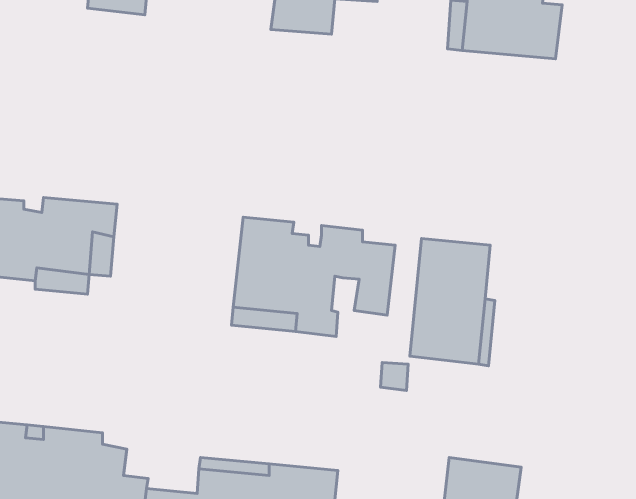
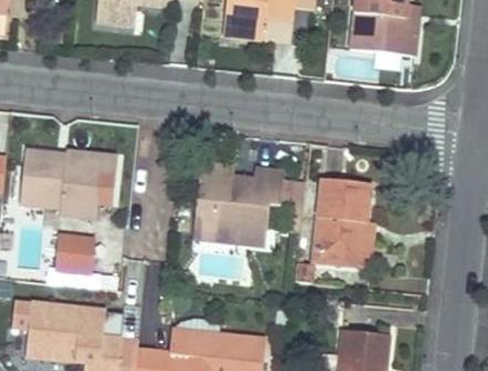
building: none -> [54,234,94,272]

